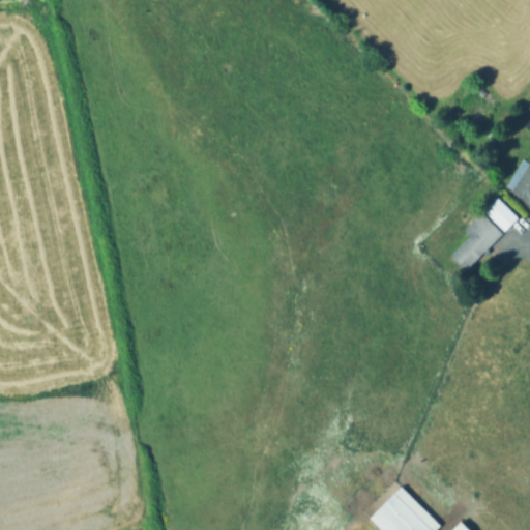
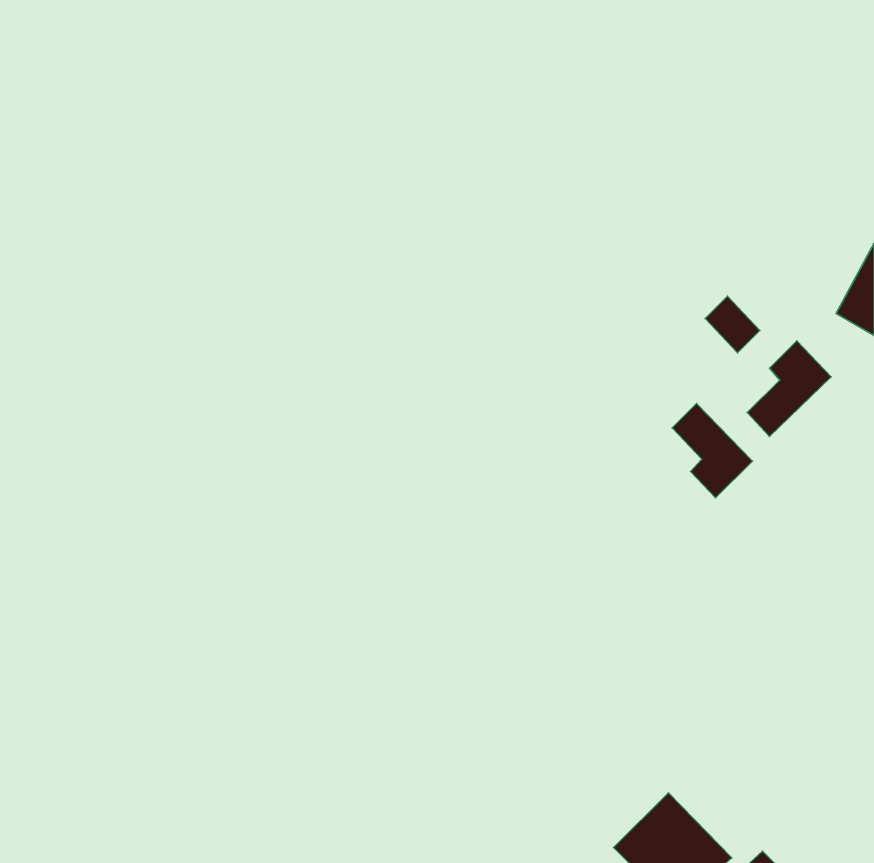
building: [485,198,519,232] -> [705,296,760,353]
building: none -> [672,403,753,498]

